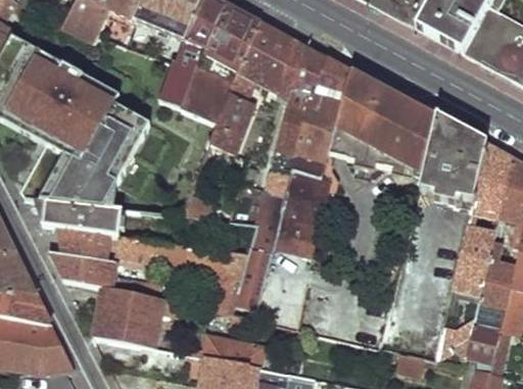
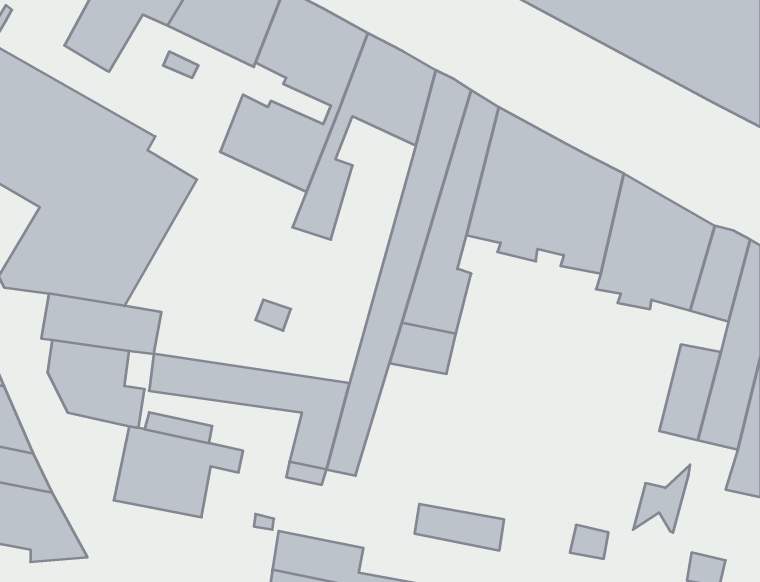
building: [465,315,500,358] -> none
building: [202,333,262,363] -> [415,504,504,550]

